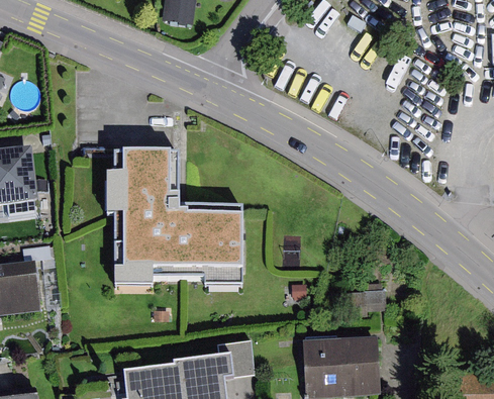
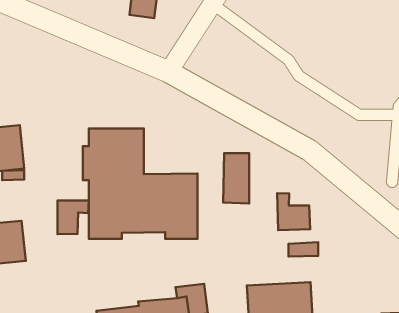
building: none -> [223,153,249,203]
building: none -> [277,193,310,230]
building: none -> [58,200,89,234]

